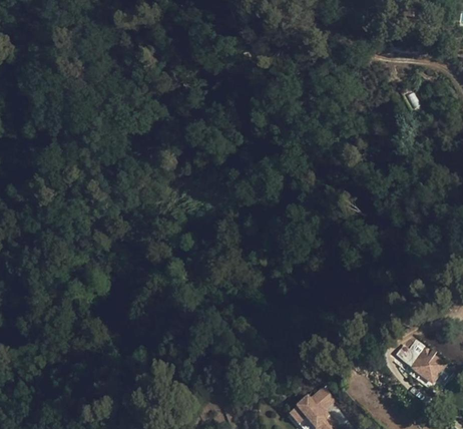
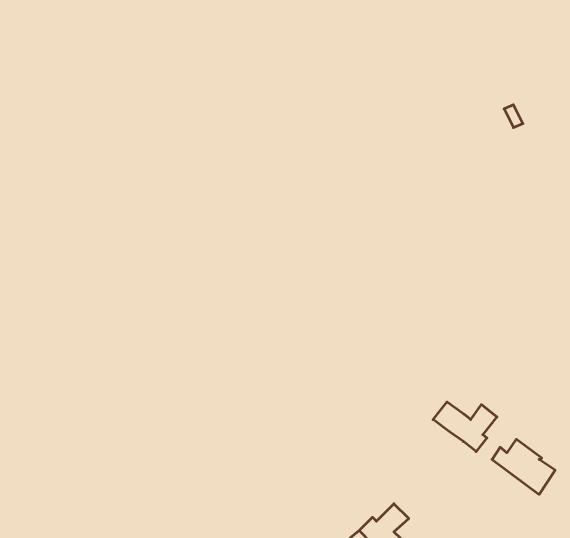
building: none -> [433,402,497,452]

